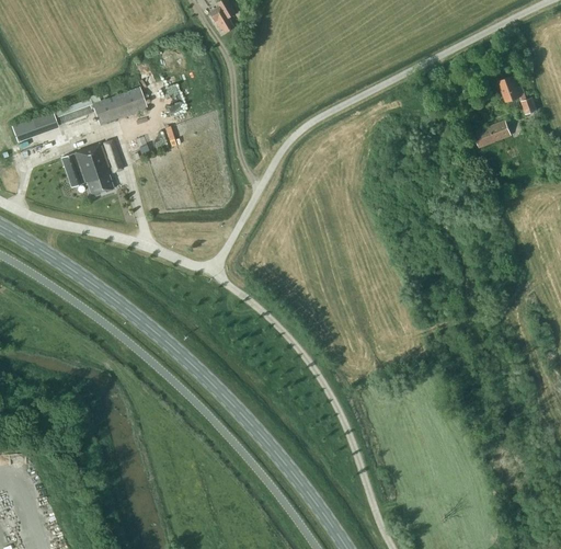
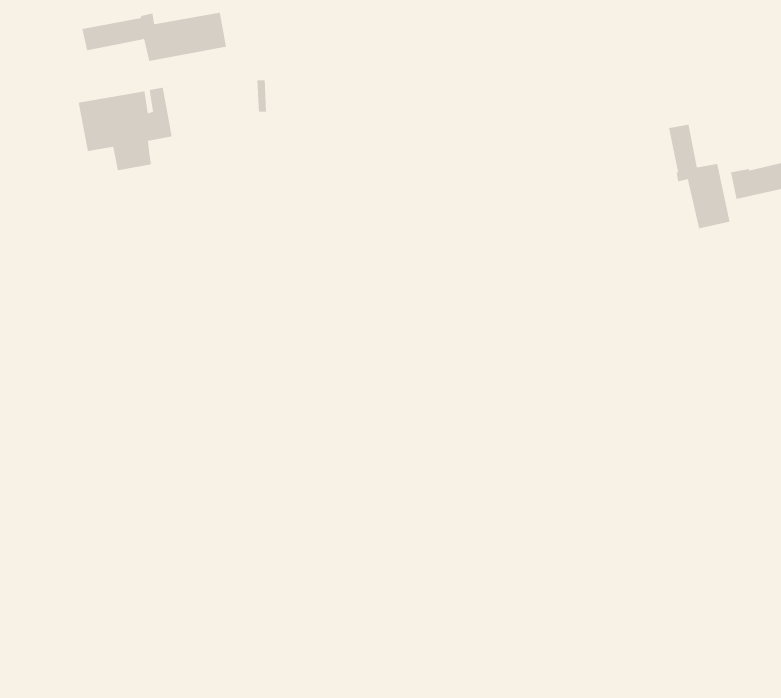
building: none -> [668,124,730,229]
building: [10,114,58,145] -> none

